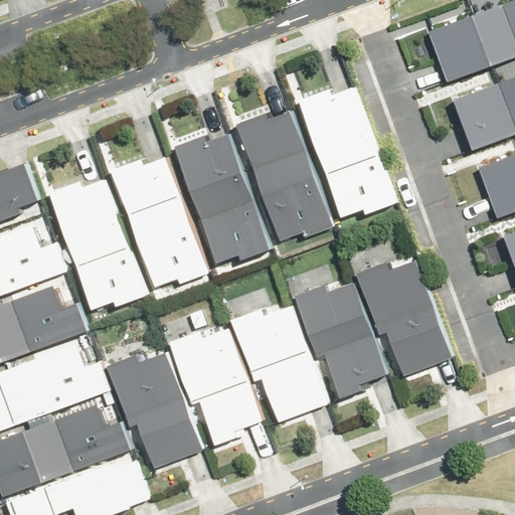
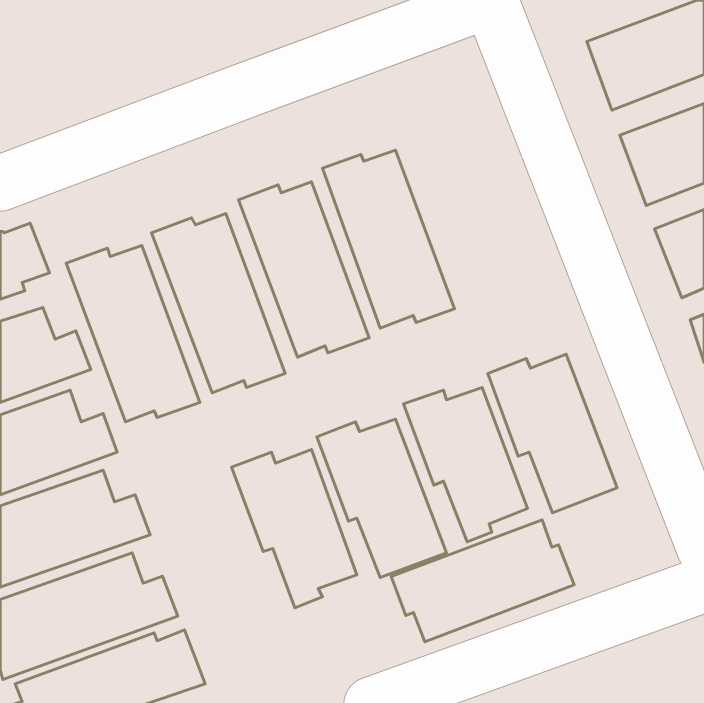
building: [298,89,392,217] -> none
building: [107,352,201,468] -> none
building: none -> [391,520,574,642]

